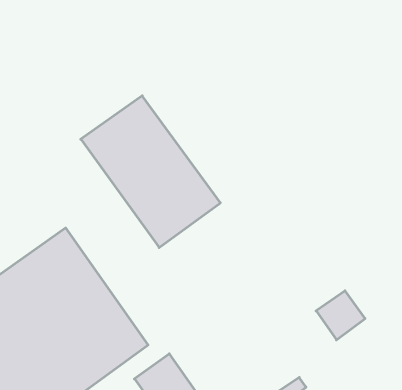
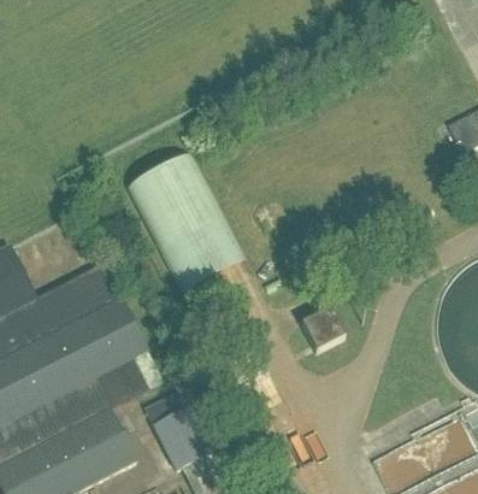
building: [316,291,365,340] -> [300,307,343,351]

